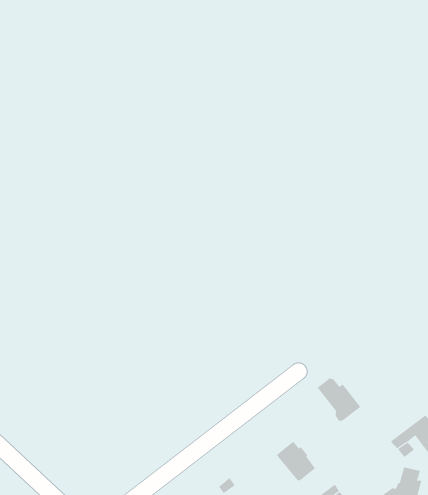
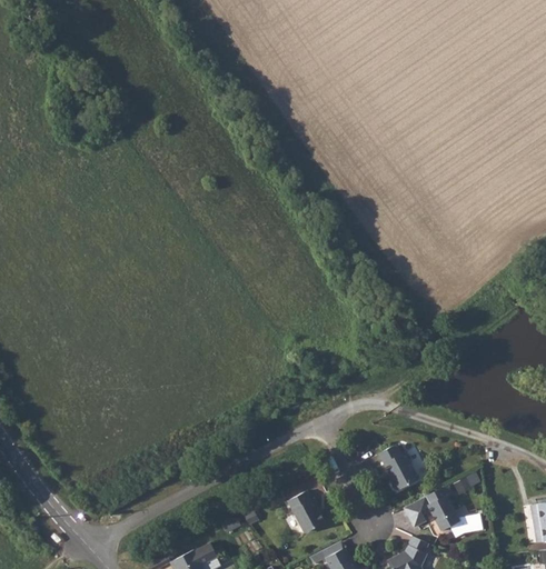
building: [317,378,361,421] -> [379,445,420,490]

